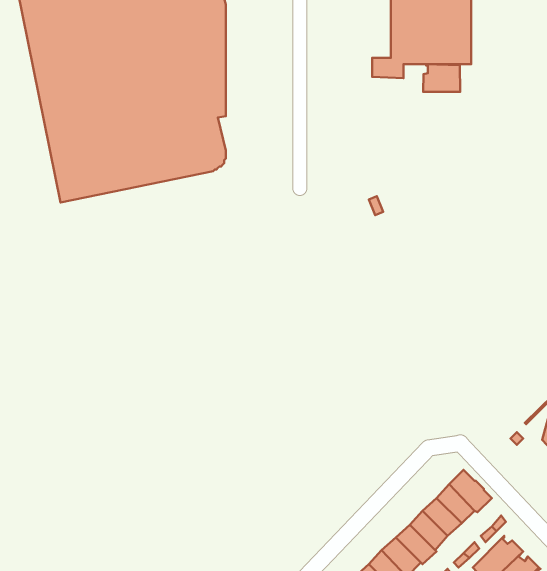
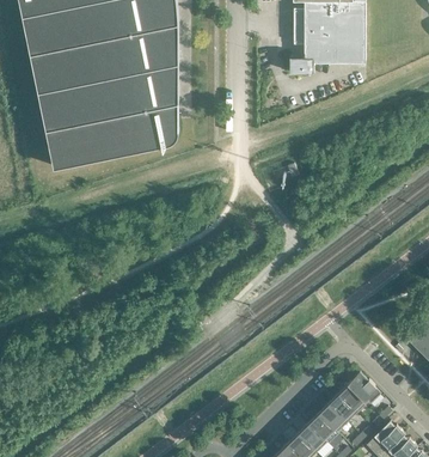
building: [423,64,460,92] -> none

